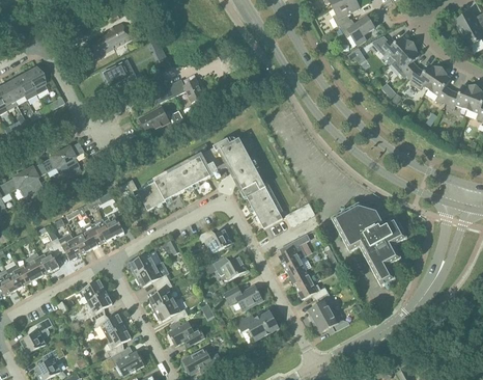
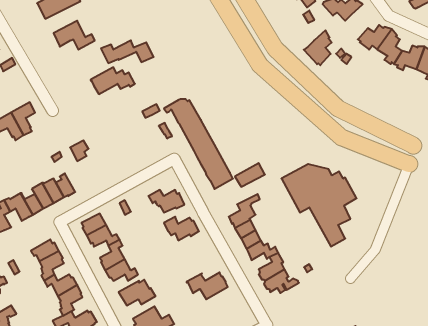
building: [392,42,420,77] -> [304,30,332,65]
building: [138,156,210,209] -> none
building: [224,283,262,309] -> none

